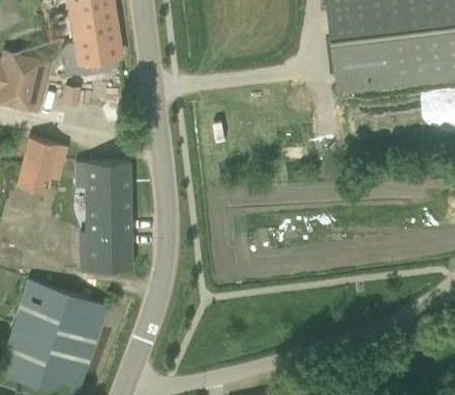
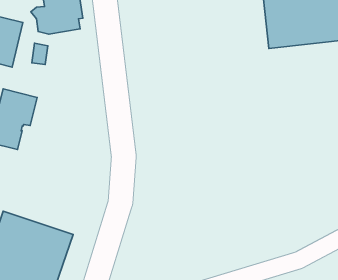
building: [75,161,131,269] -> none

